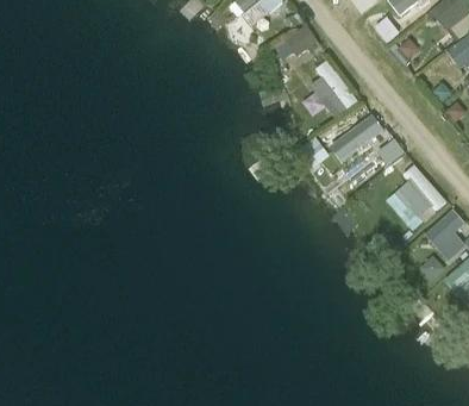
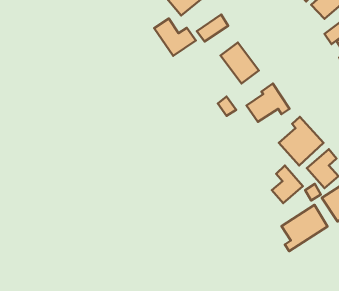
building: none -> [154,18,196,56]
building: none -> [272,166,303,203]
building: none -> [282,205,328,251]

